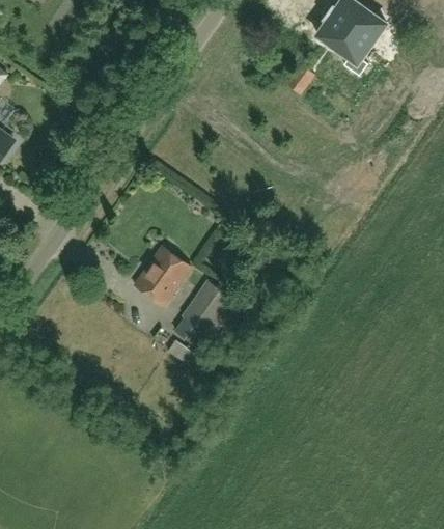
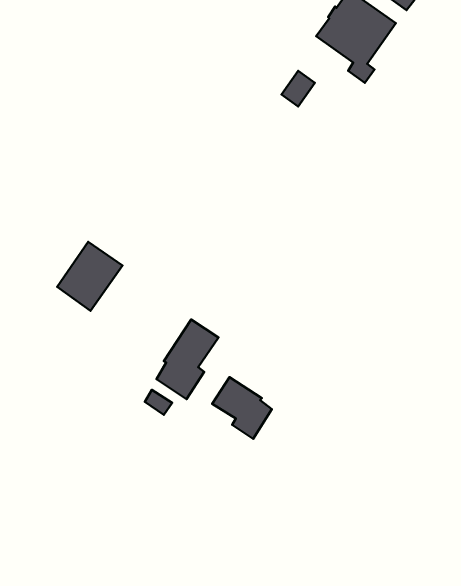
building: [135,245,192,305] -> [57,242,123,311]
building: none -> [212,377,272,439]

